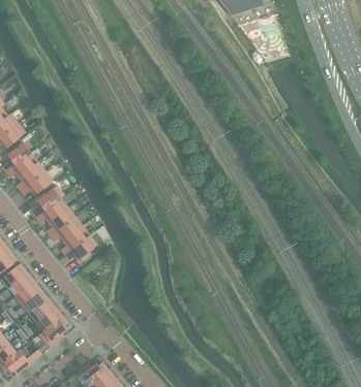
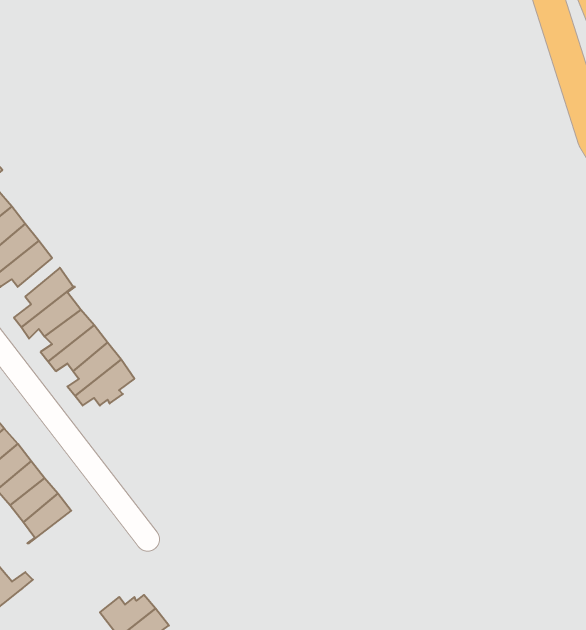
building: [39,316,67,347] -> none

